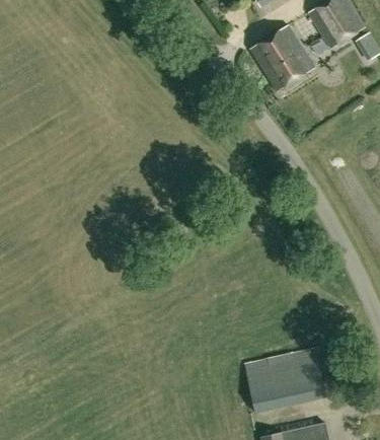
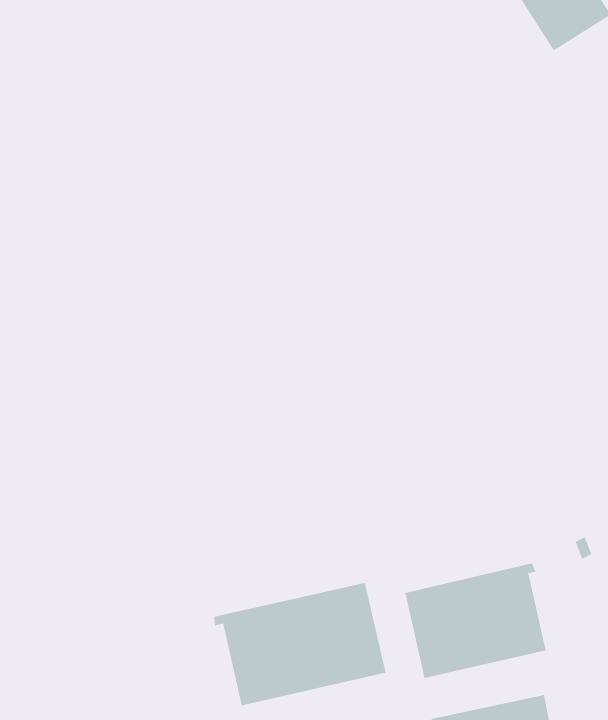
building: [251,27,314,91] -> none
building: none -> [214,582,386,706]

